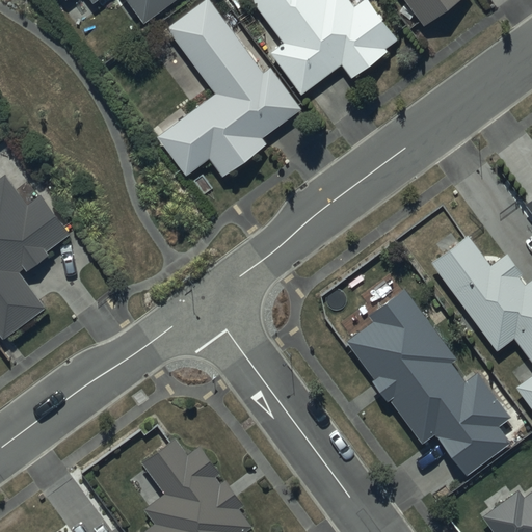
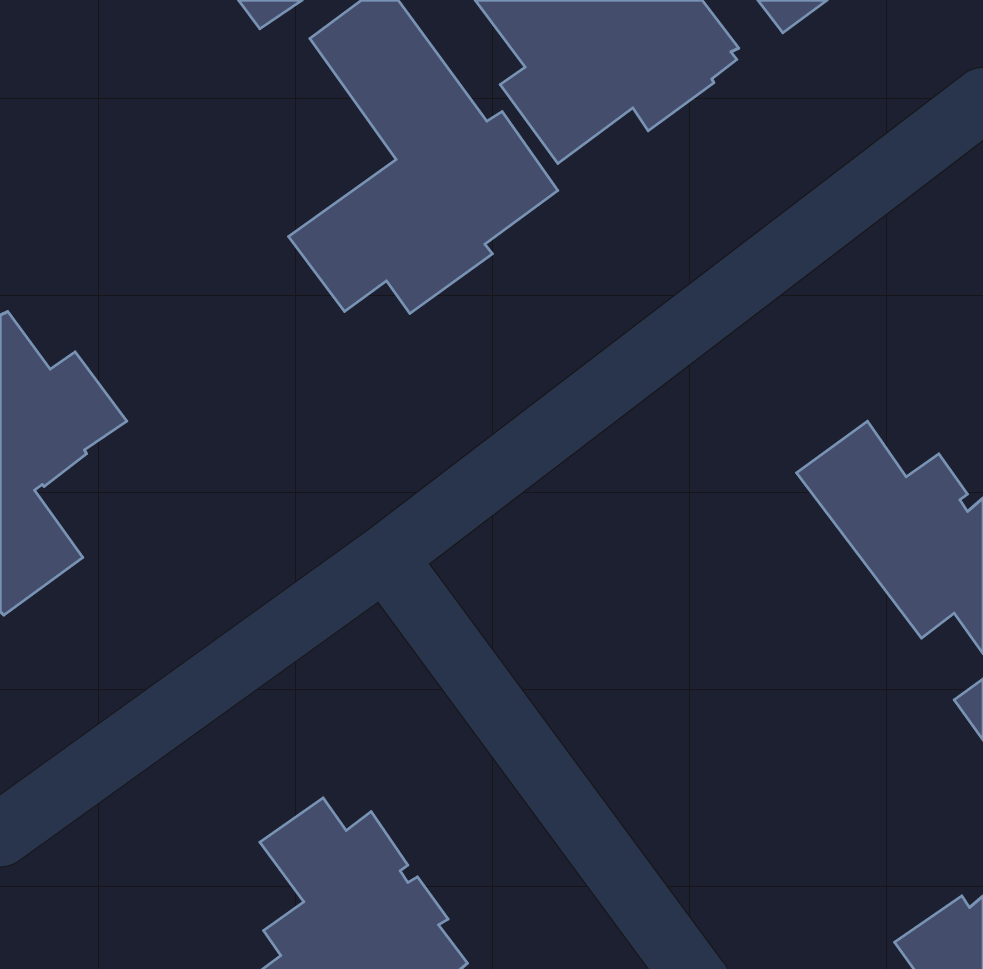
building: [347,289,510,475] -> none

